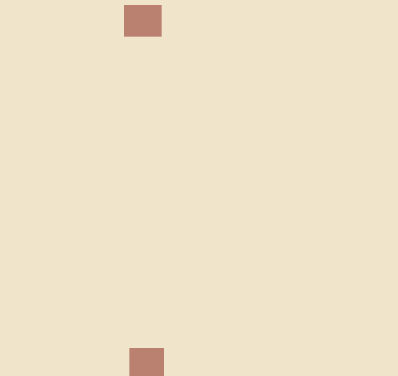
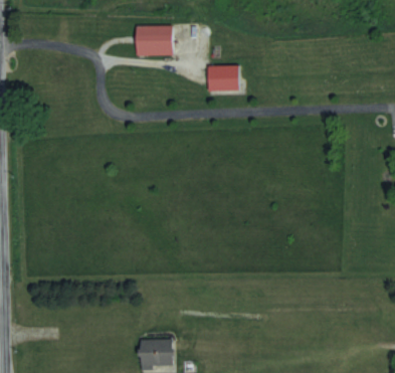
building: none -> [207,66,238,90]

